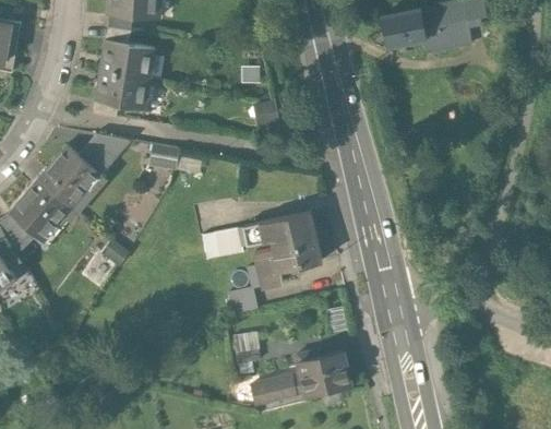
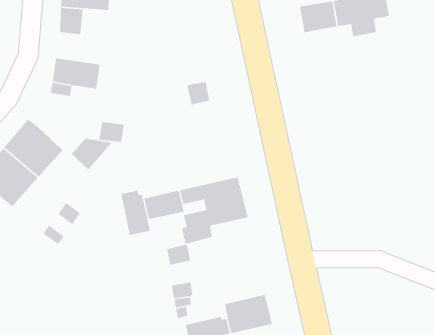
building: [98,43,155,80] -> none
building: [79,134,128,172] -> [71,138,113,171]
building: none -> [120,190,151,236]

